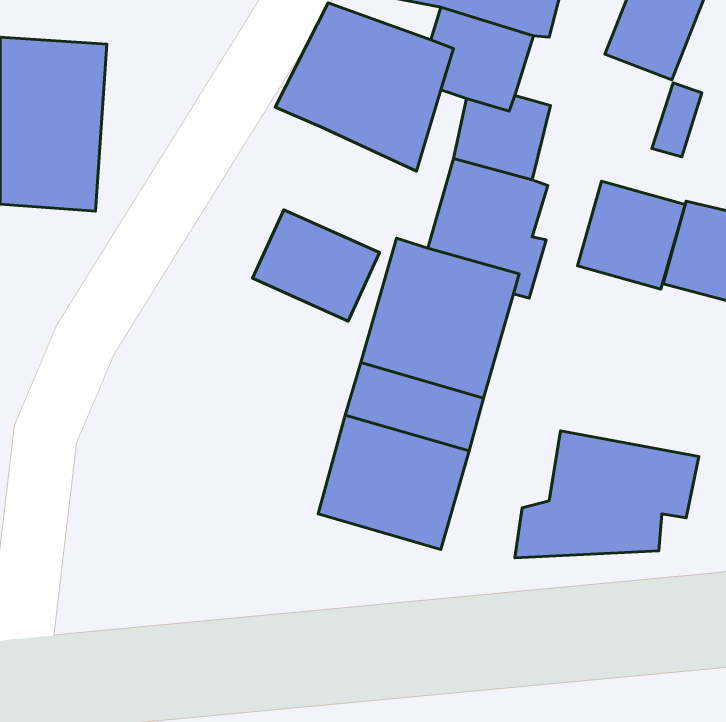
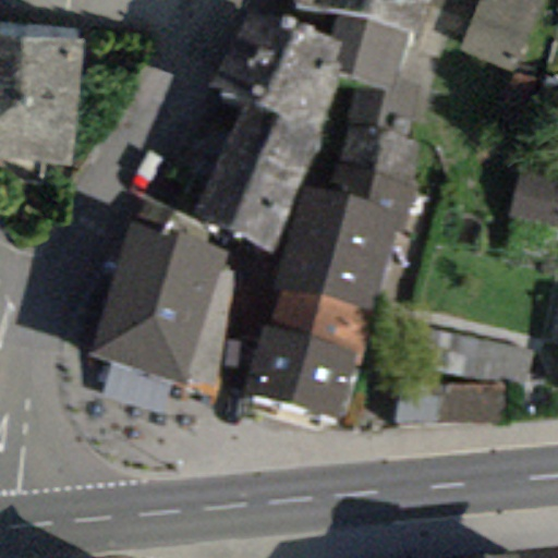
building: none -> [219,97,320,193]
building: [577,181,685,289] -> none
building: none -> [95,221,229,381]

